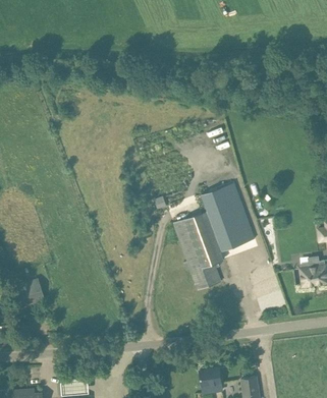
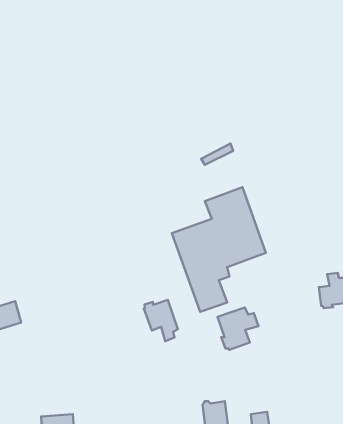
building: none -> [144,300,178,341]
building: none -> [217,308,259,350]

